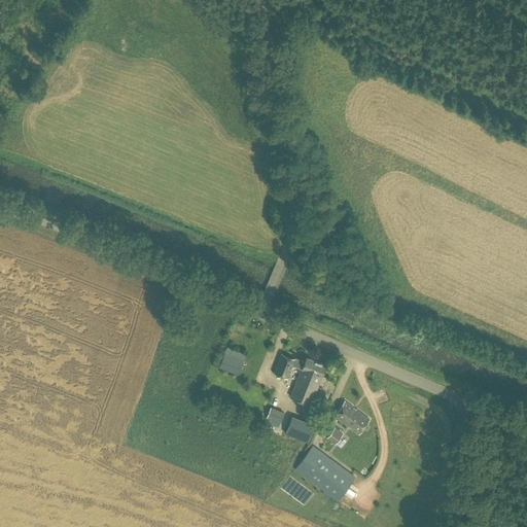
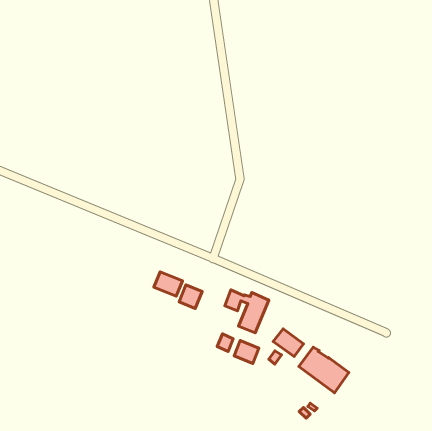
building: none -> [154,272,183,296]
building: [294,447,355,502] -> [299,347,349,393]

